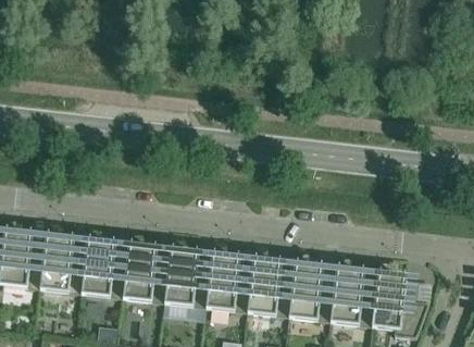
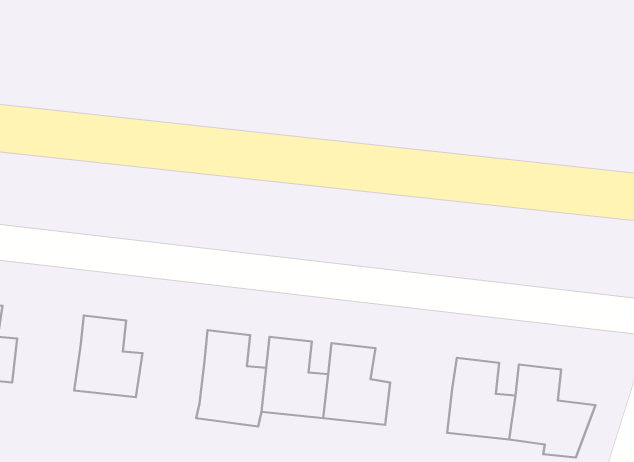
building: [39,237,85,292] -> none
building: [122,246,167,300] -> none
building: [288,265,333,320] -> none

